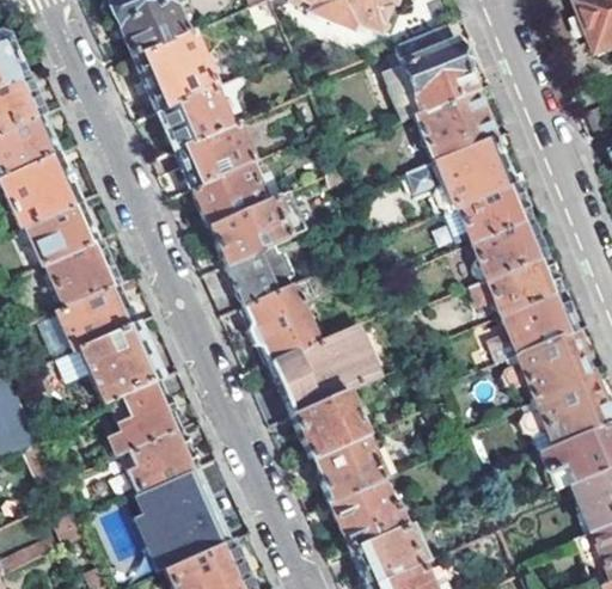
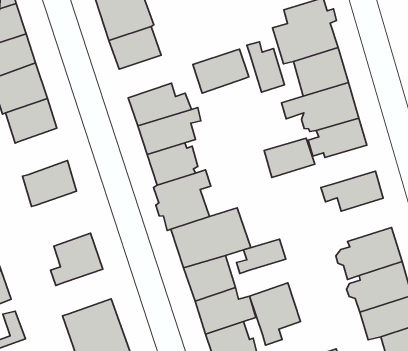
building: none -> [247,42,284,92]
building: [175,122,253,188] -> [193,49,249,93]
building: [470,220,541,278] -> [264,138,315,177]
building: [45,239,116,307] -> none
building: [500,290,571,354] -> none
building: [68,323,160,404] -> none
building: none -> [237,239,286,273]
building: none -> [249,283,301,345]
building: [128,427,195,492] -> none

